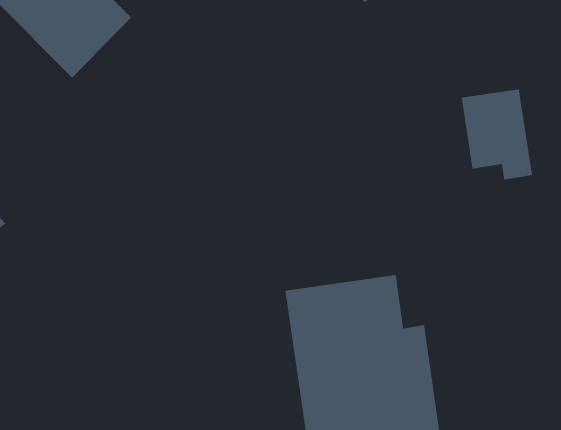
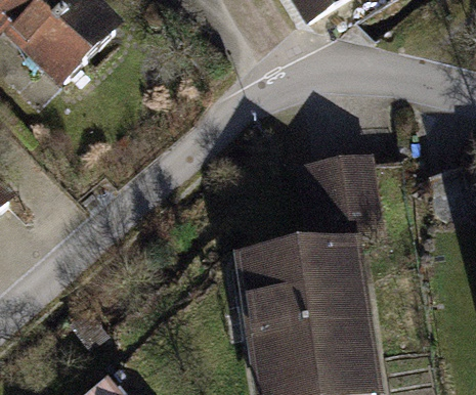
building: [461,89,533,180] -> [315,162,376,238]

